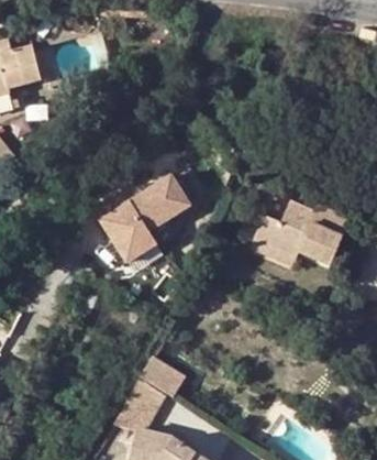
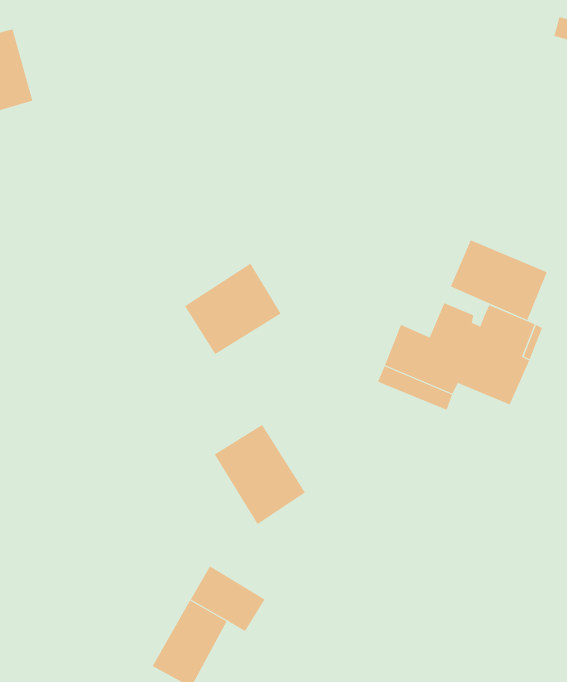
building: none -> [450,239,548,321]
building: [102,202,158,264] -> [214,424,306,525]

